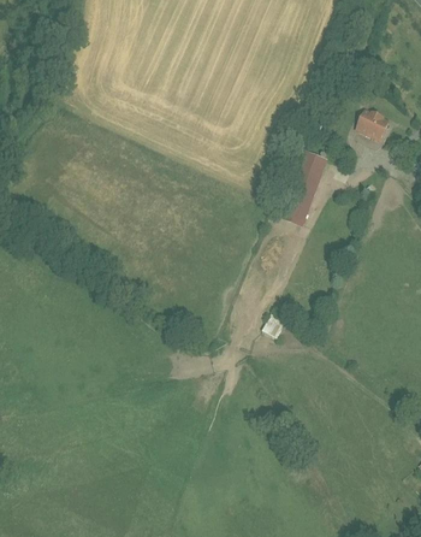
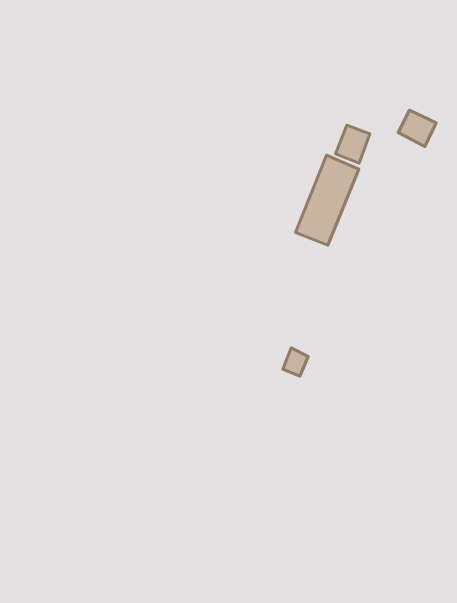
building: none -> [335,125,370,163]

